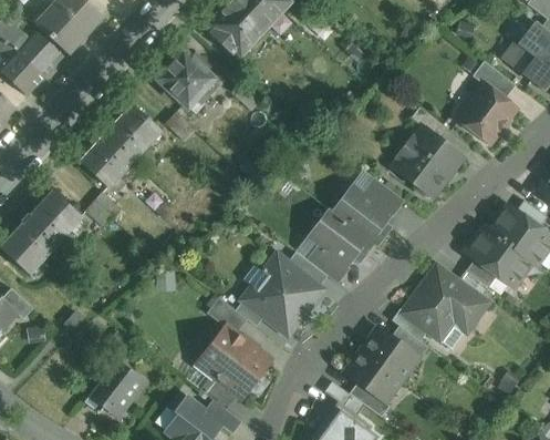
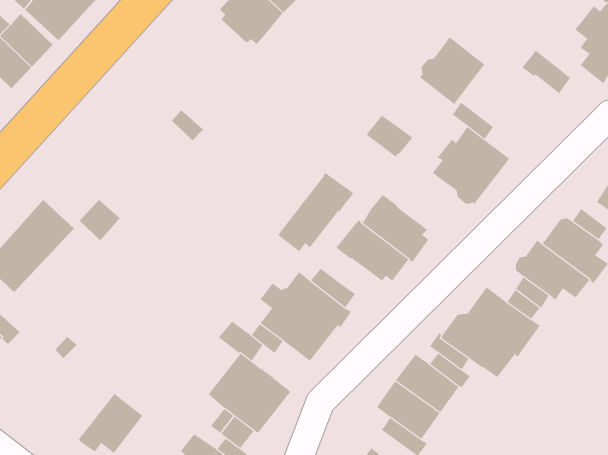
building: [158,51,219,106] -> none
building: [458,83,516,143] -> [419,37,485,105]
building: [81,105,162,188] -> none
building: none -> [278,172,354,252]
building: [364,181,405,218] -> [366,115,413,158]
building: [311,244,351,284] -> none

